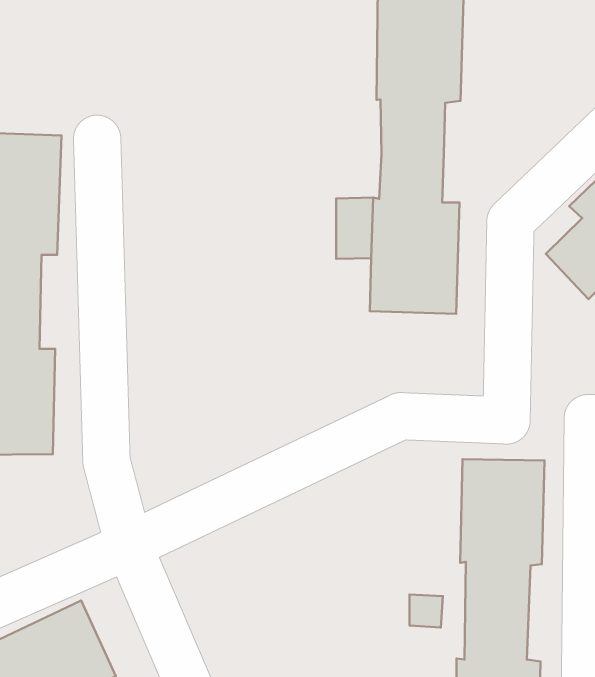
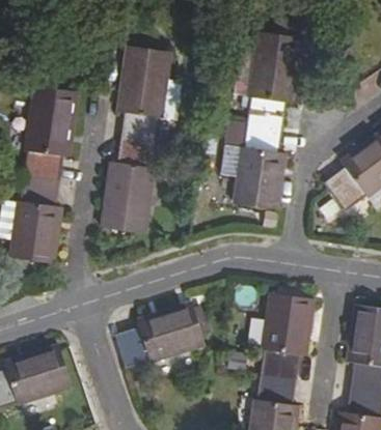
building: none -> [99,46,171,232]
building: none -> [114,298,205,363]

